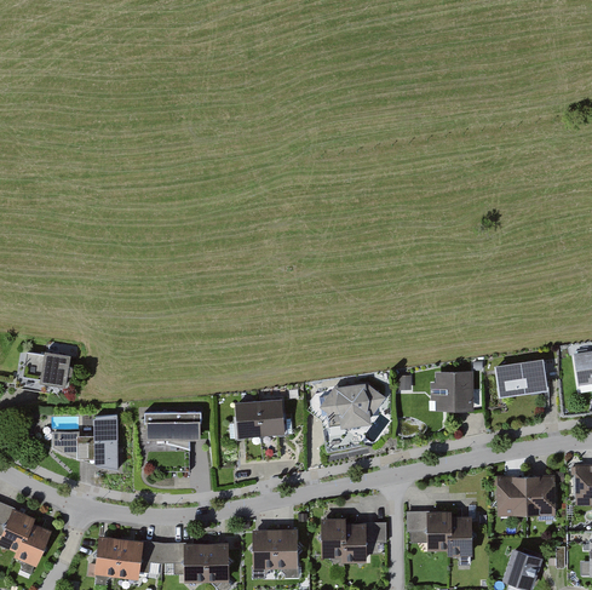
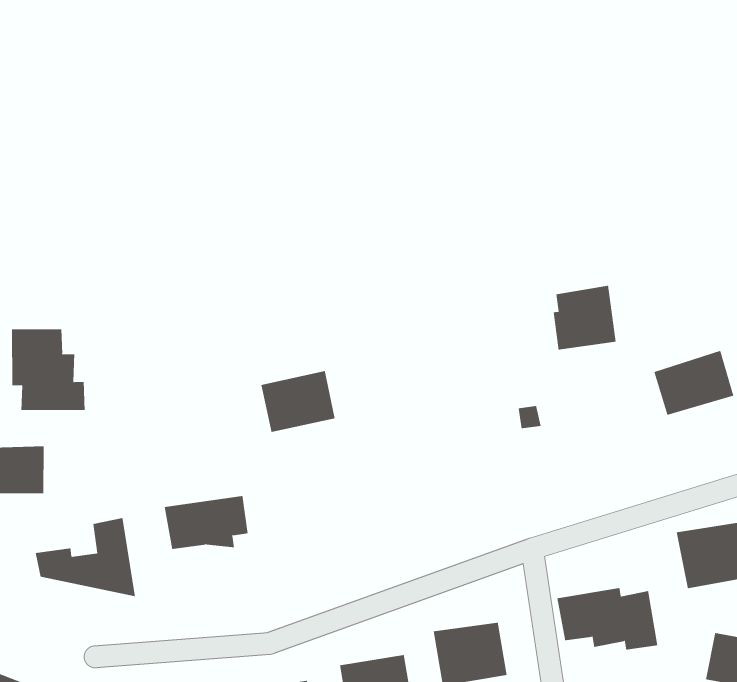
building: none -> [11,329,85,411]
building: [431,372,472,412] -> [553,285,617,350]
building: [321,380,387,426] -> none
building: [236,397,284,435] -> [261,371,336,433]

